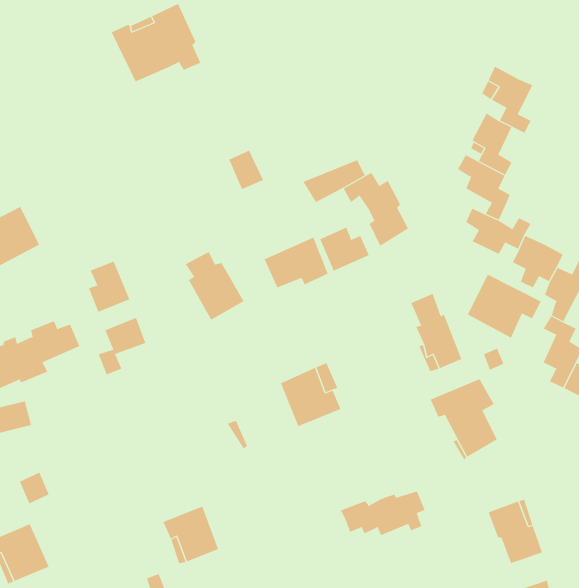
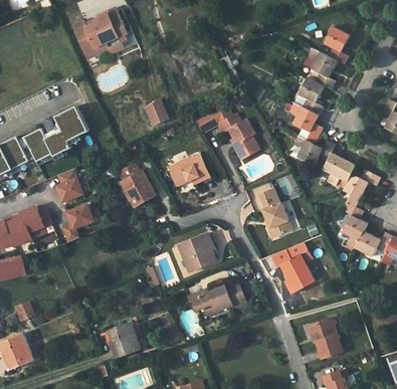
building: none -> [323,26,348,63]
building: none -> [25,104,89,159]
building: [320,227,369,272] -> none
building: [467,274,542,339] -> none
building: [340,491,425,536] -> [190,283,243,312]

